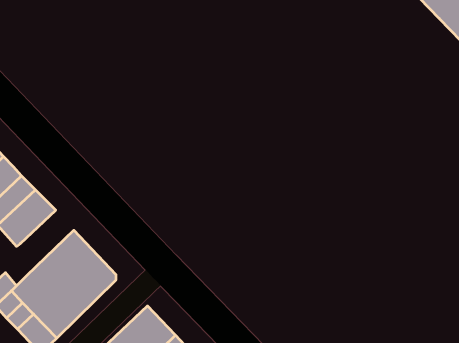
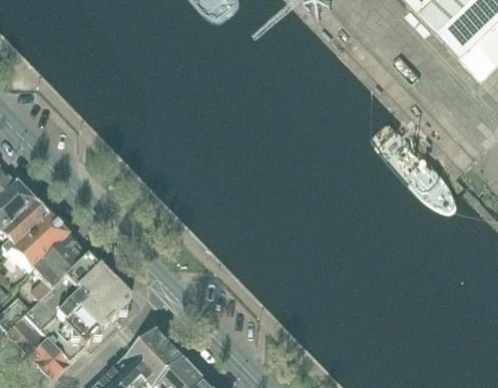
building: none -> [31,235,86,300]

